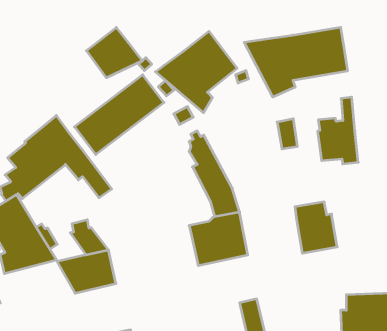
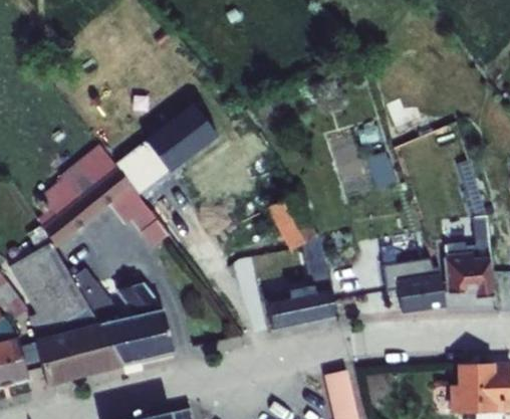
building: [244,27,347,97] -> none
building: [86,27,142,78] -> none
building: [155,31,237,113] -> none
building: [318,97,358,164] -> [444,216,494,298]
building: none -> [35,323,122,385]

